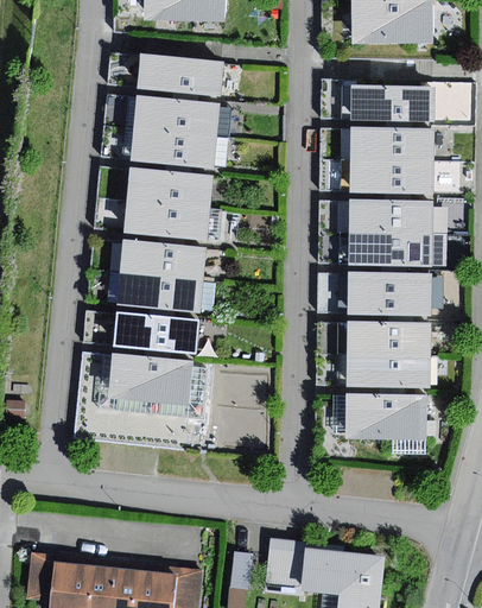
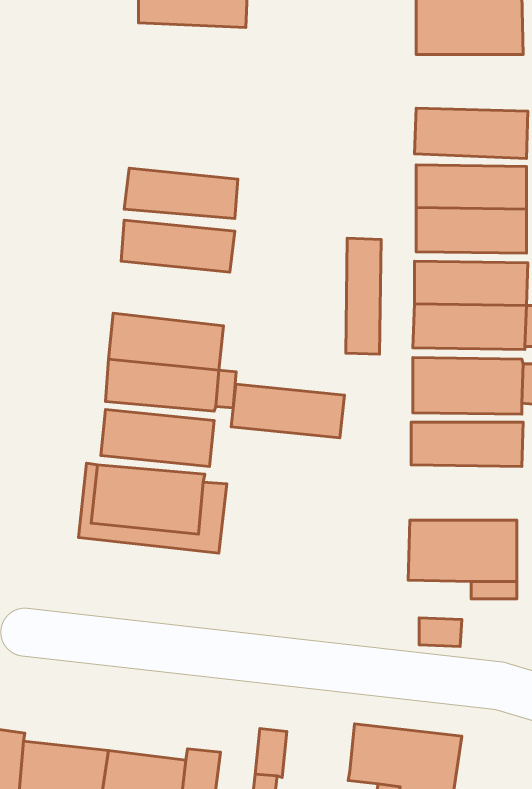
building: [137,55,223,97] -> none
building: [134,96,220,138] -> none
building: none -> [346,238,381,354]
building: [125,200,210,240] -> [231,384,345,438]
building: [345,353,430,388] -> none
building: [266,538,305,583] -> none

